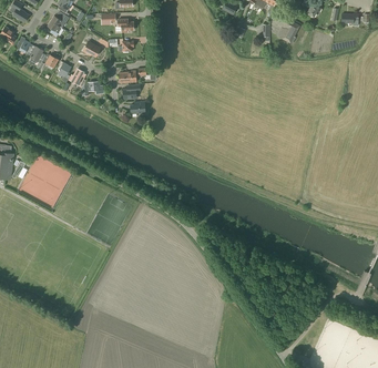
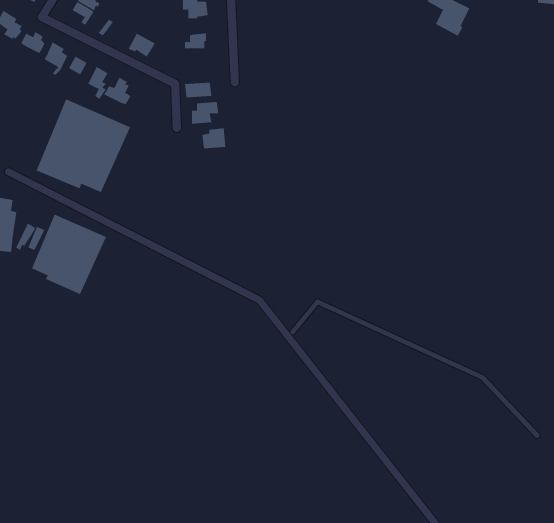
building: none -> [36,98,131,193]

